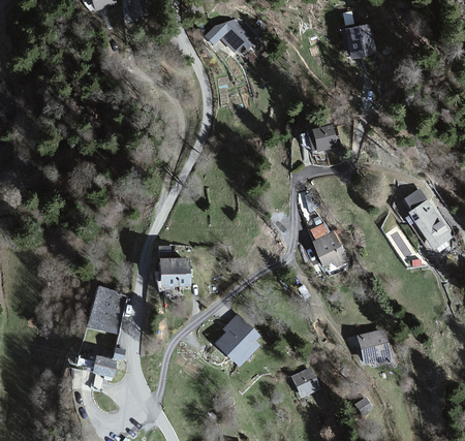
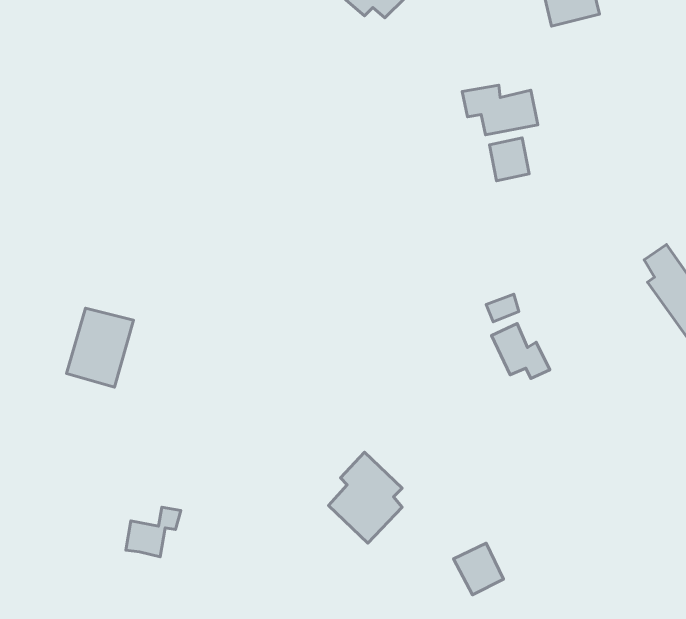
building: none -> [462,85,538,135]
building: [158,257,188,287] -> none
building: [87,286,127,334] -> [66,308,133,387]
building: [357,330,388,368] -> none

